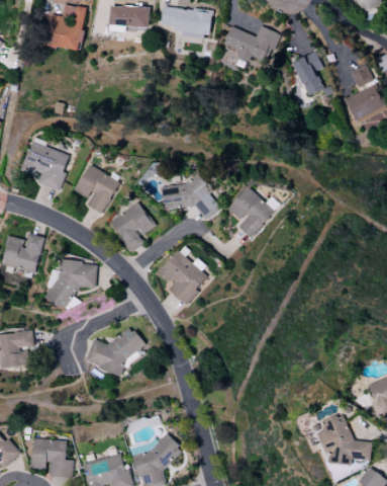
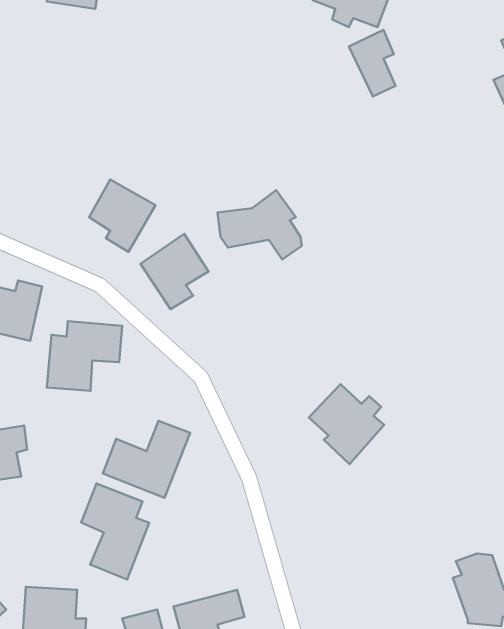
building: [292,52,323,96] -> [349,30,396,96]
building: [22,141,70,190] -> none
building: [228,187,274,238] -> none
building: [157,250,207,304] -> [309,384,384,464]
building: none -> [81,484,149,580]

